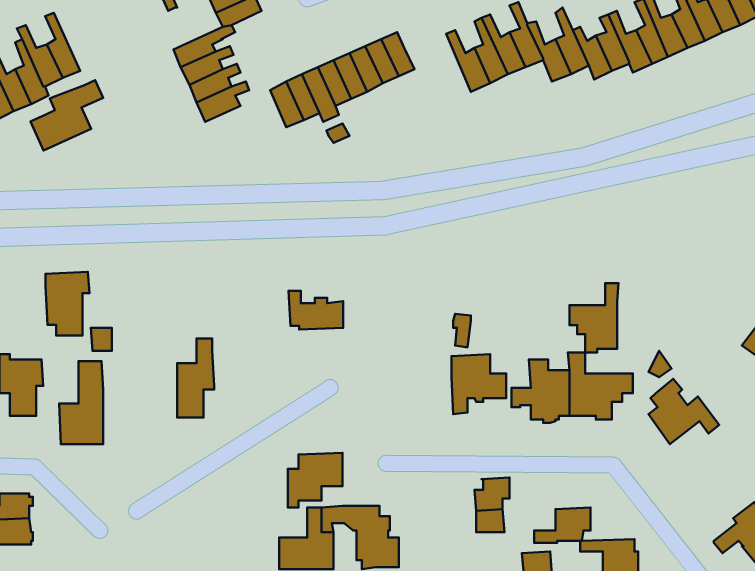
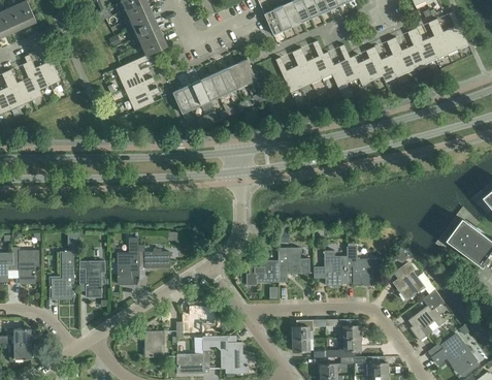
building: [30,80,103,150] -> none
building: [46,272,90,335] -> [79,259,105,296]
building: [569,283,618,353] -> none
building: [289,291,343,329] -> [138,245,170,267]
building: none -> [247,260,280,285]
building: none -> [407,289,445,341]
building: none -> [326,319,362,338]
building: none -> [144,330,164,356]

